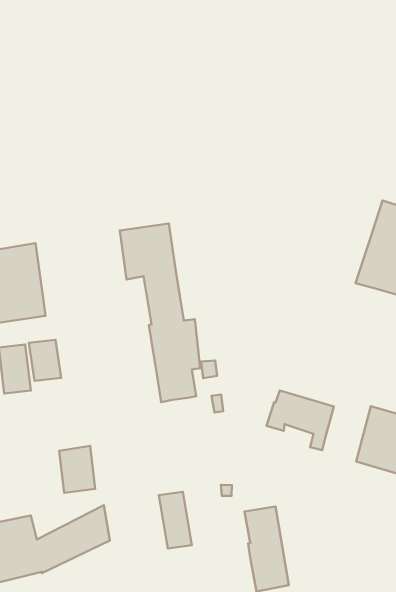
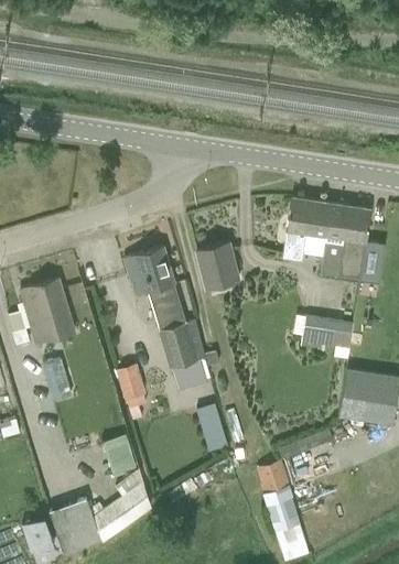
building: none -> [283,198,332,260]
building: none -> [195,242,238,291]
building: [29,340,61,381] -> [116,366,145,401]
building: [267,391,334,450] -> [301,317,353,360]
building: [159,492,192,549] -> [196,403,228,451]

